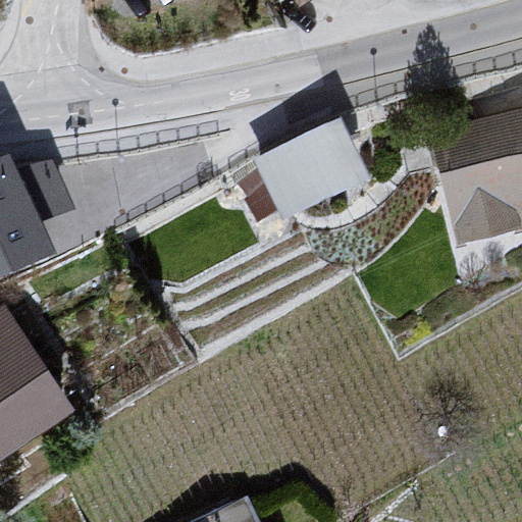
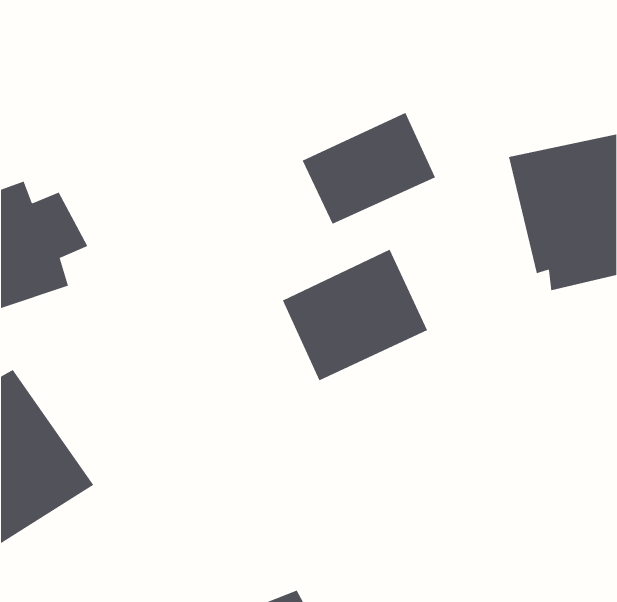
building: none -> [282,249,428,381]

